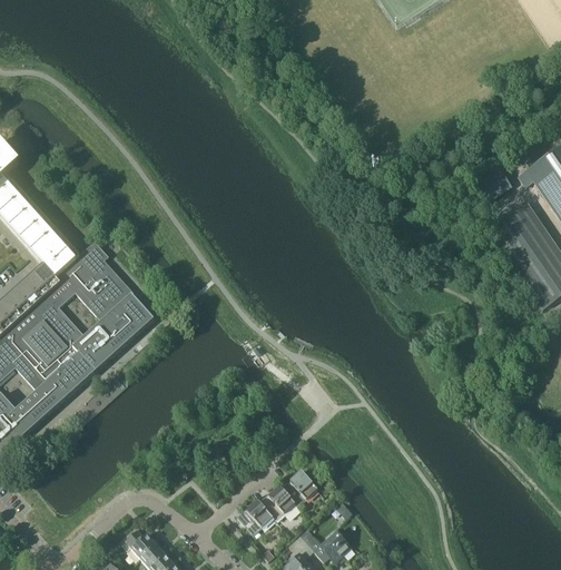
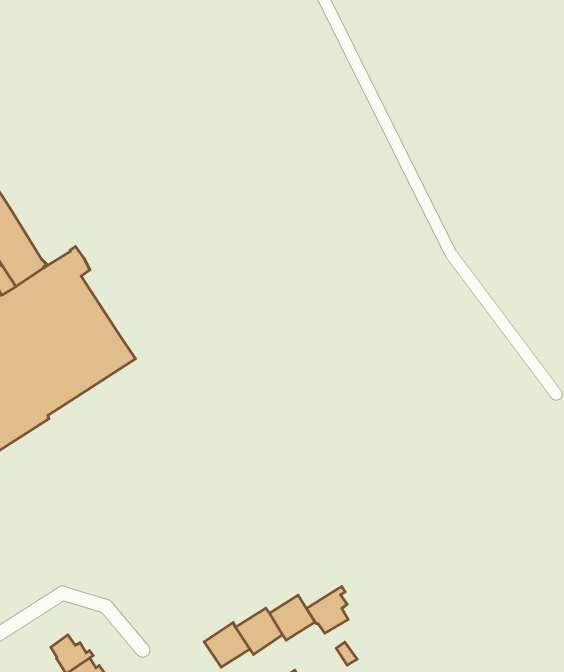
building: none -> [306,586,348,633]

